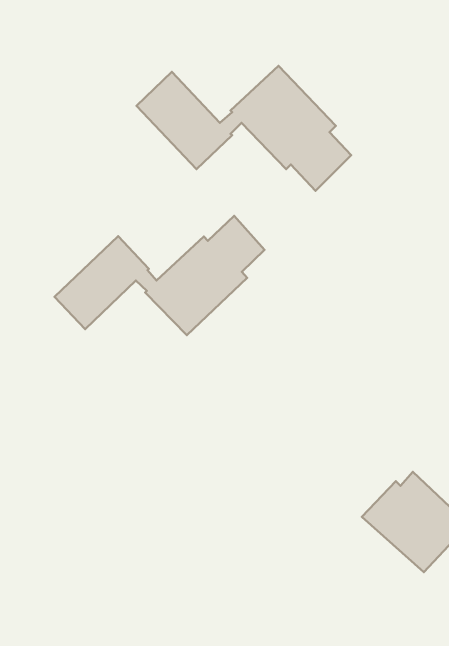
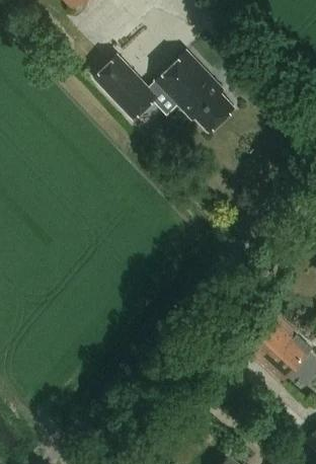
building: [55,216,265,335] -> none

